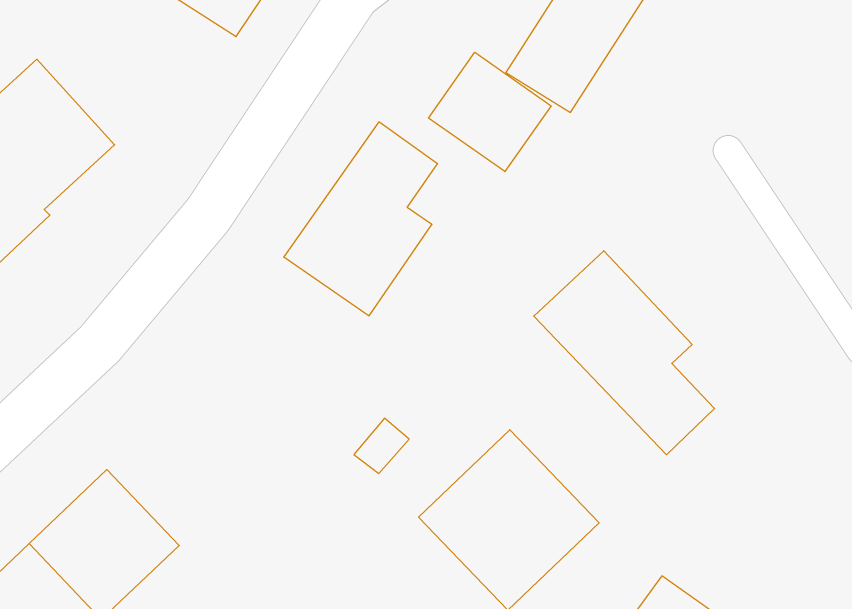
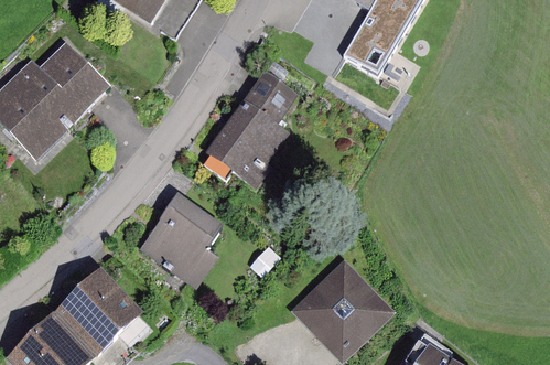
building: [429,52,551,172] -> none
building: [534,251,715,455] -> none
building: none -> [133,194,218,288]

